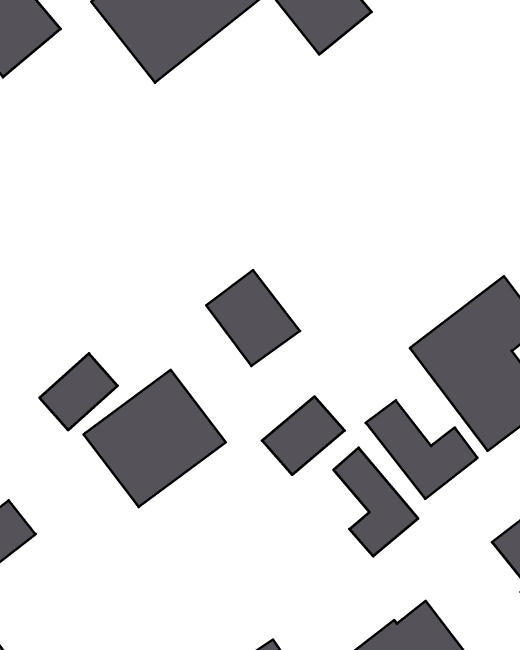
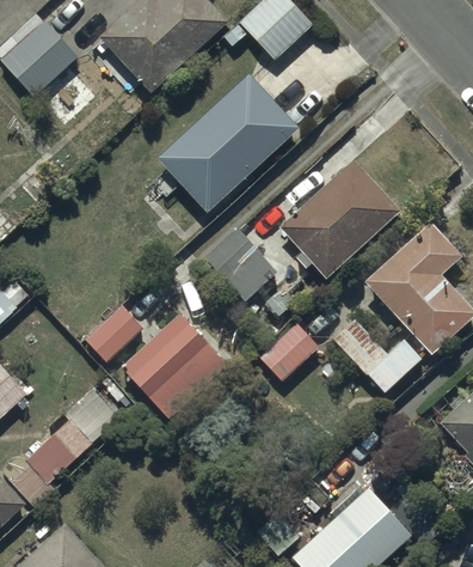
building: none -> [156,73,299,211]
building: none -> [278,160,399,279]
building: [334,448,418,556] -> none

